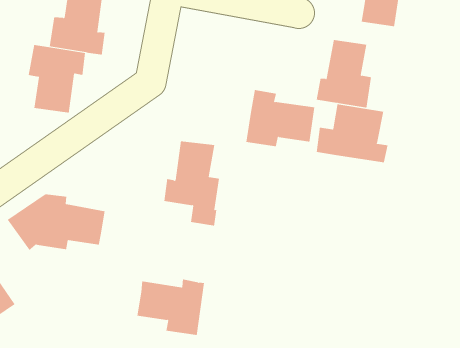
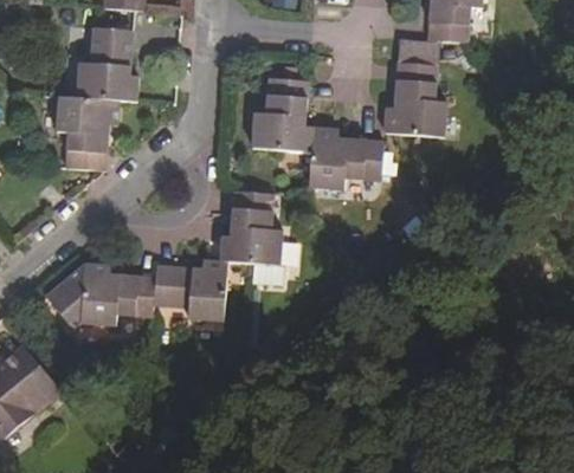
building: none -> [251,77,312,151]
building: [316,103,388,163] -> none
building: [136,279,205,335] -> [153,258,227,320]

